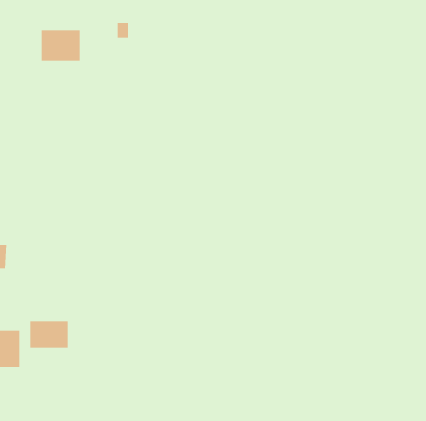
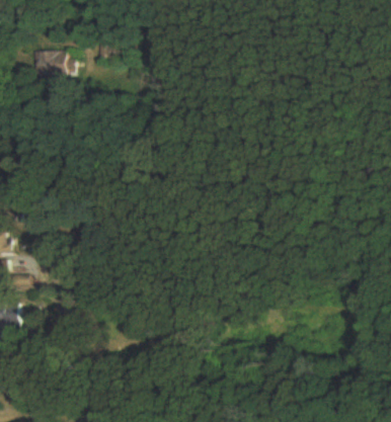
building: [30,320,68,348] -> none

